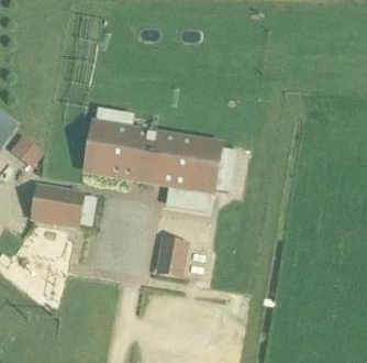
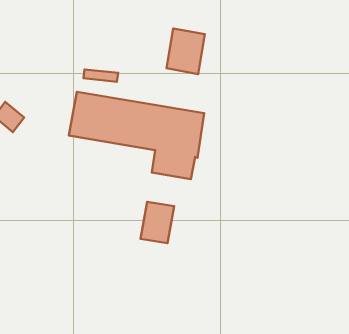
building: none -> [167,28,205,74]
building: [31,185,81,224] -> none

